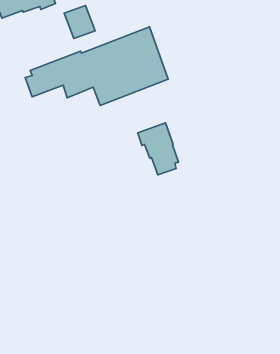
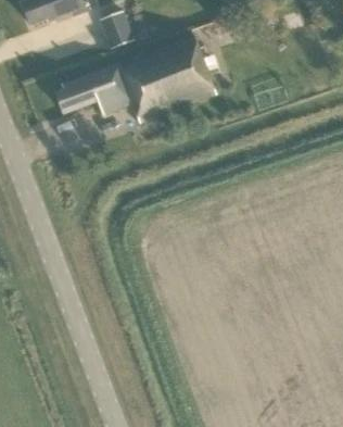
building: [138,123,179,175] -> none

